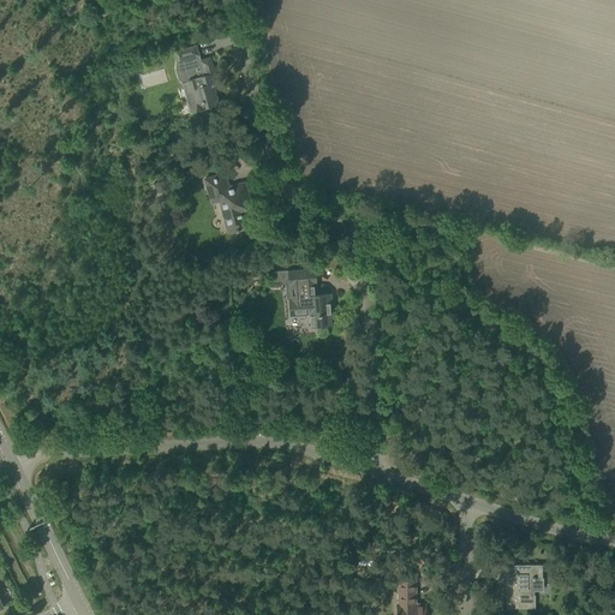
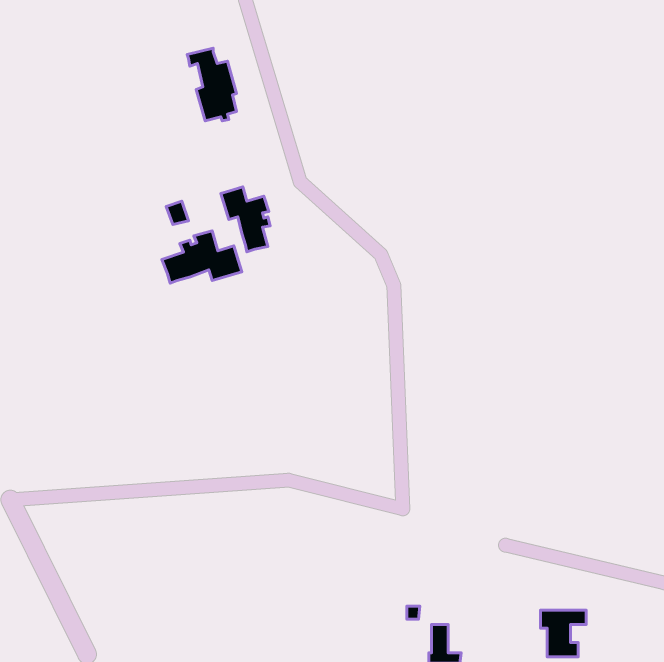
building: none -> [162,231,242,283]
building: [288,270,332,328] -> none

